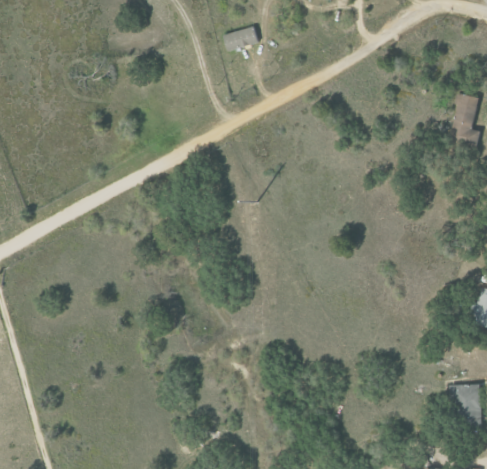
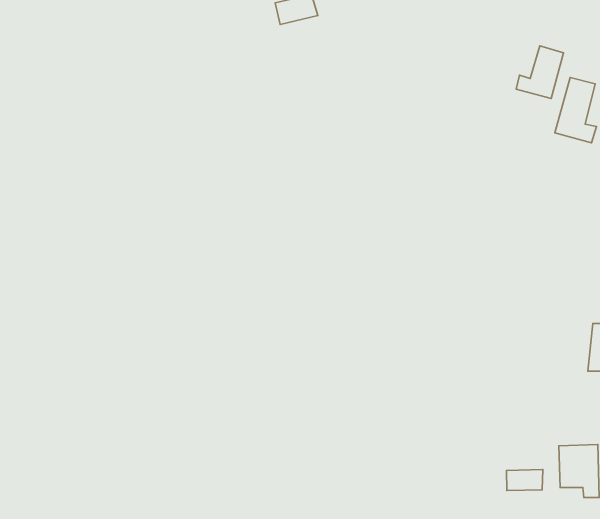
building: none -> [516,46,564,98]
building: none -> [506,470,543,490]

